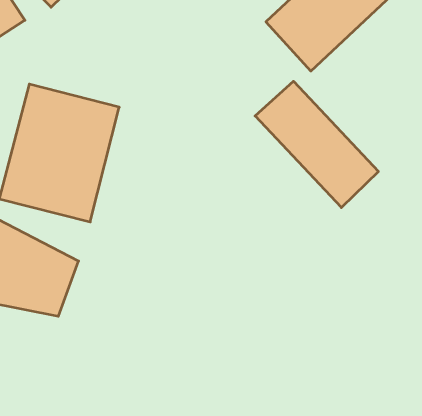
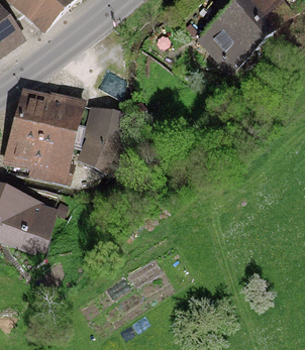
building: [255,81,378,208] -> none
building: none -> [78,99,126,169]

